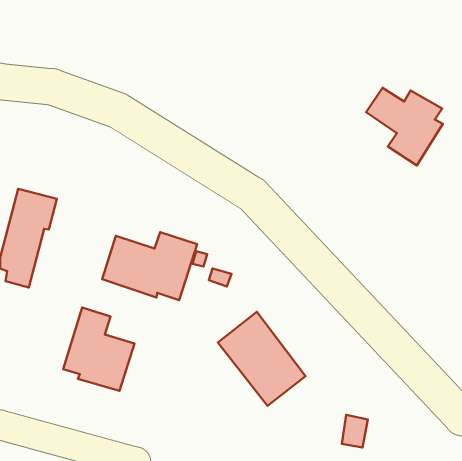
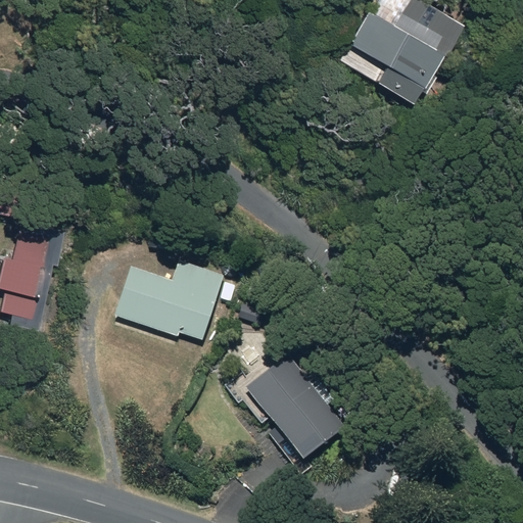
building: [366,88,443,166] -> [348,7,435,95]
building: [63,308,135,391] -> none

